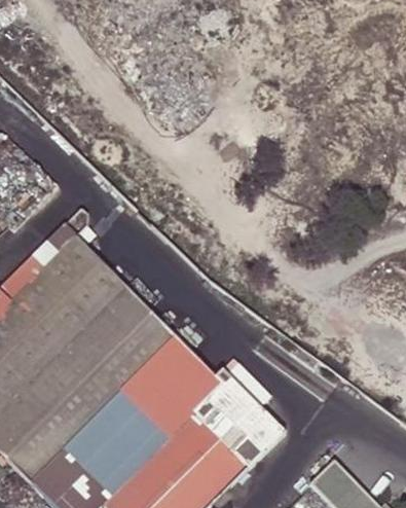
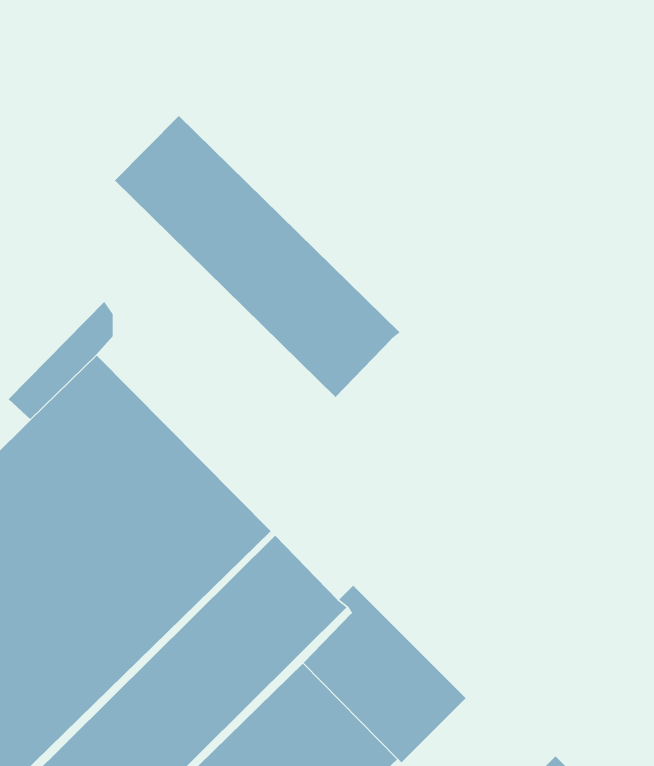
building: none -> [114,115,400,398]

